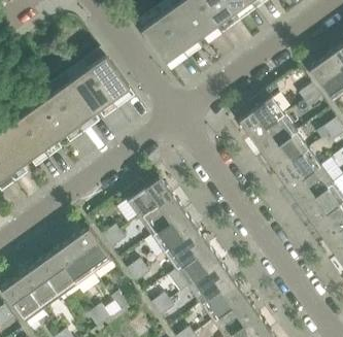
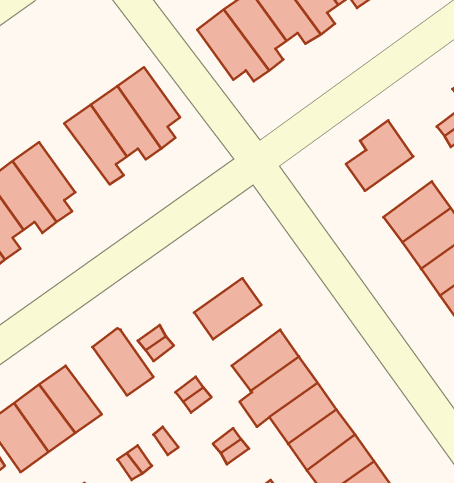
building: [36,91,82,138] -> none
building: [250,112,295,153] -> none
building: [122,175,170,215] -> none
building: [150,210,195,250] -> none
building: [54,238,94,282] -> none

